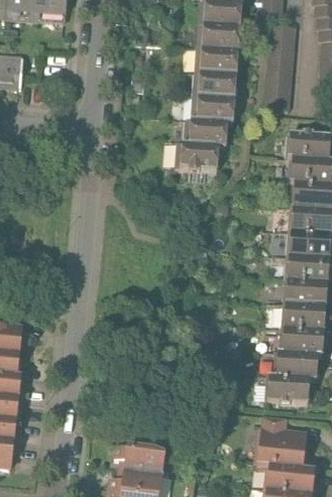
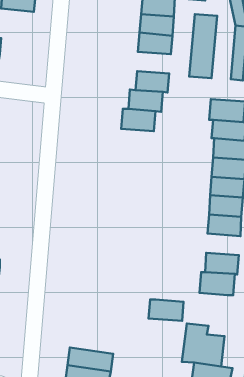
building: [195,74,237,101] -> none
building: [282,302,325,330] -> none
building: [264,377,309,404] -> [148,299,184,321]

